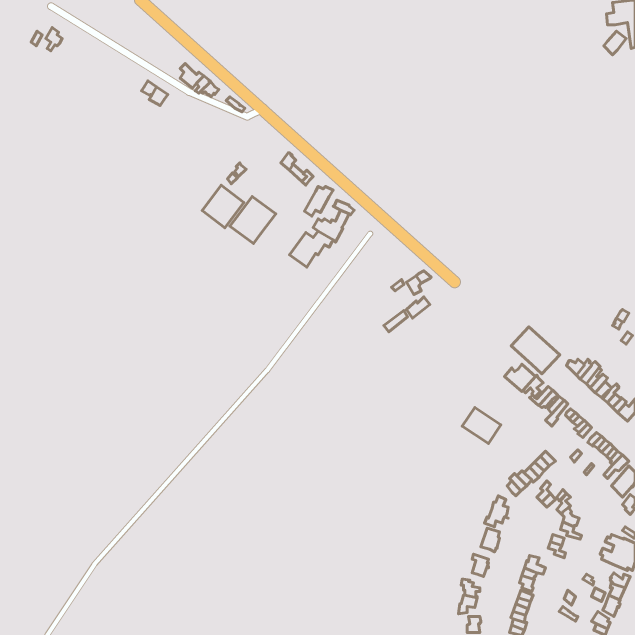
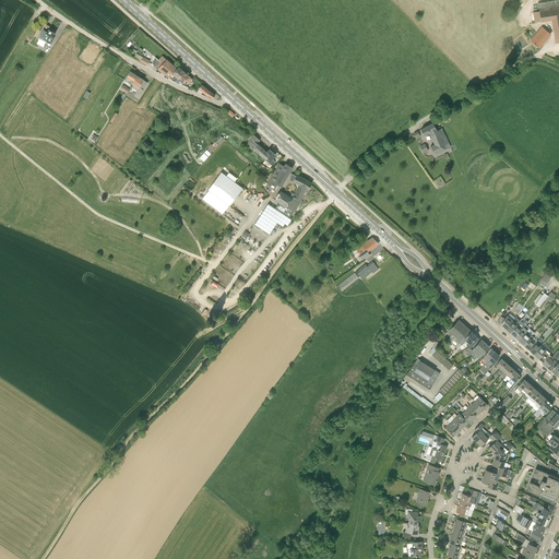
building: none -> [420,123,451,154]
building: [202,185,244,228] -> none
building: [511,327,560,374] -> none

